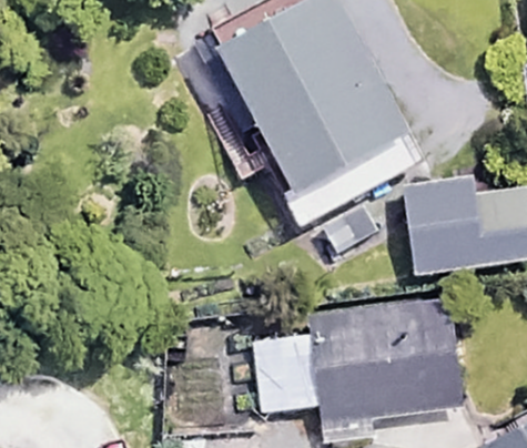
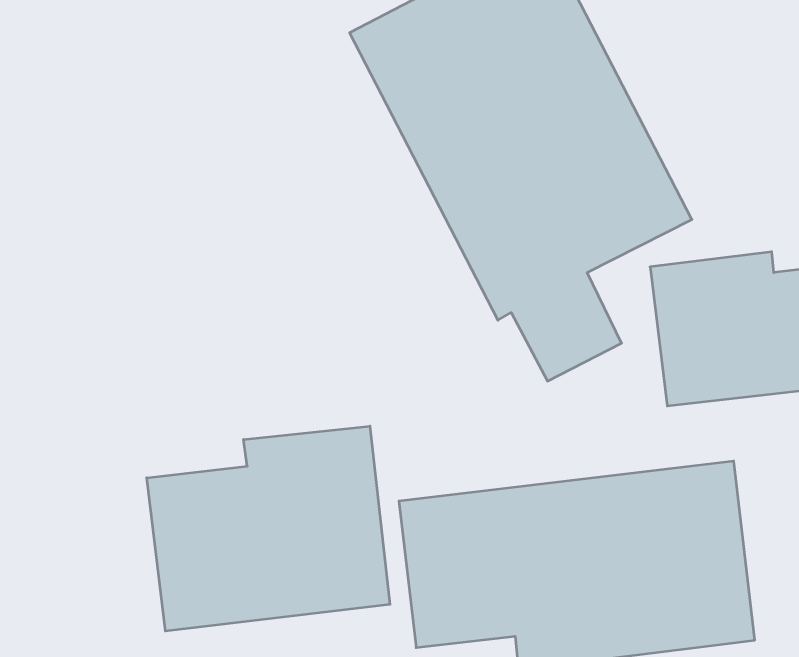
building: none -> [147,426,390,631]

